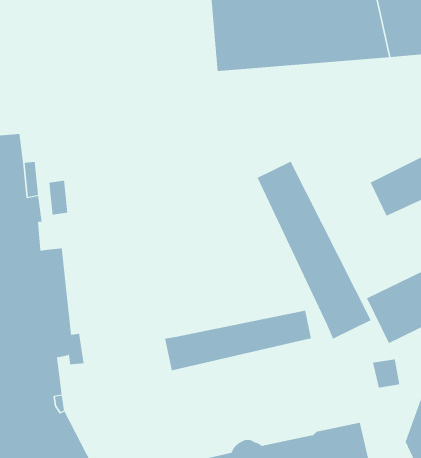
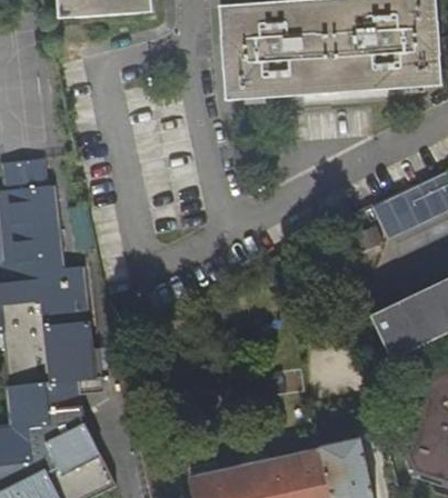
building: [257,161,372,339] -> none
building: [164,310,312,371] -> none

